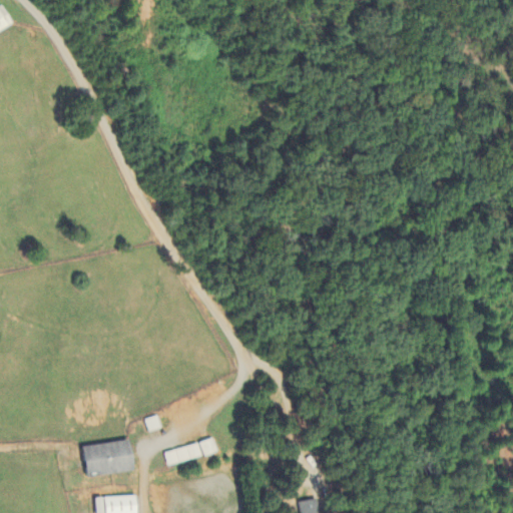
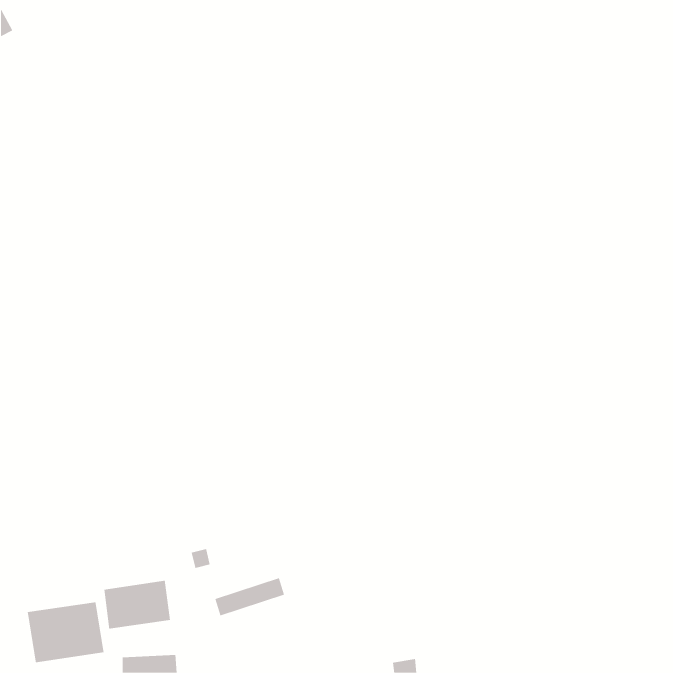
building: none -> [27,601,104,663]

